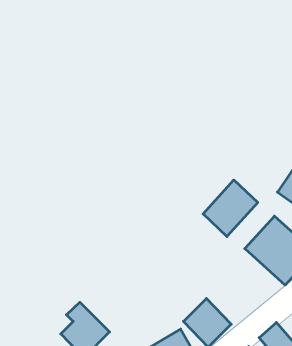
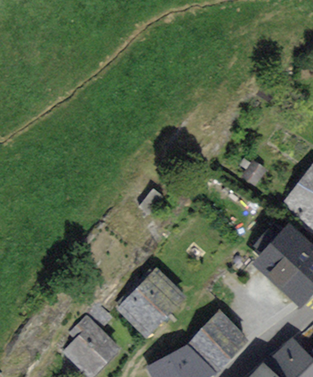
building: [203,180,258,237] -> none
building: none -> [121,273,180,332]

